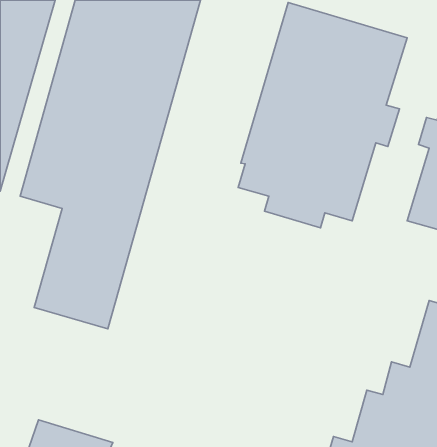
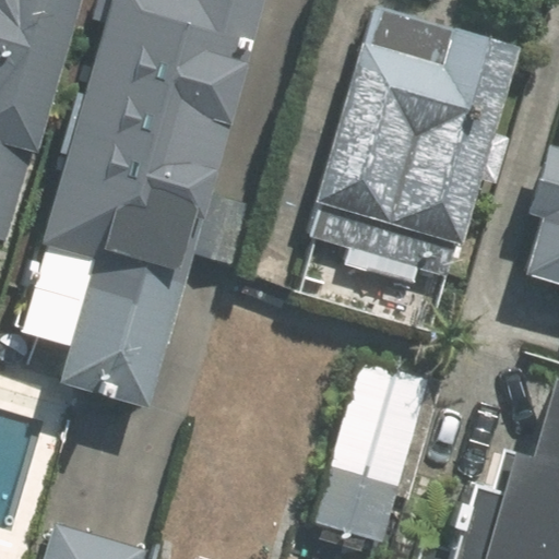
building: none -> [314,359,433,545]

